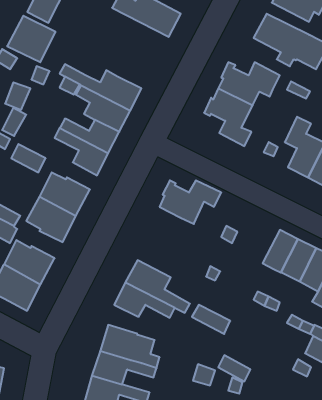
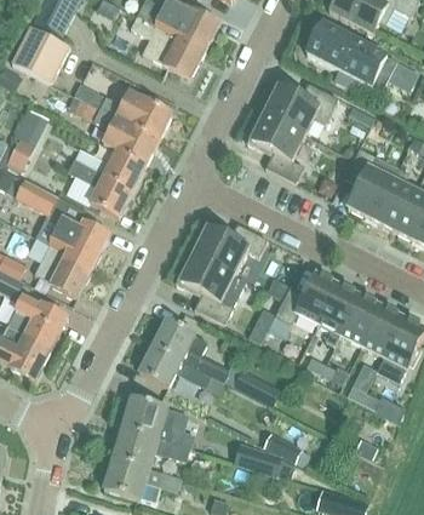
building: none -> [131,16,205,79]
building: none -> [176,254,246,324]
building: none -> [275,270,338,324]

